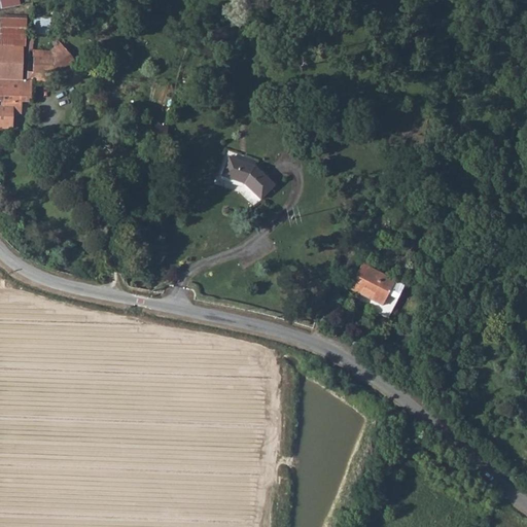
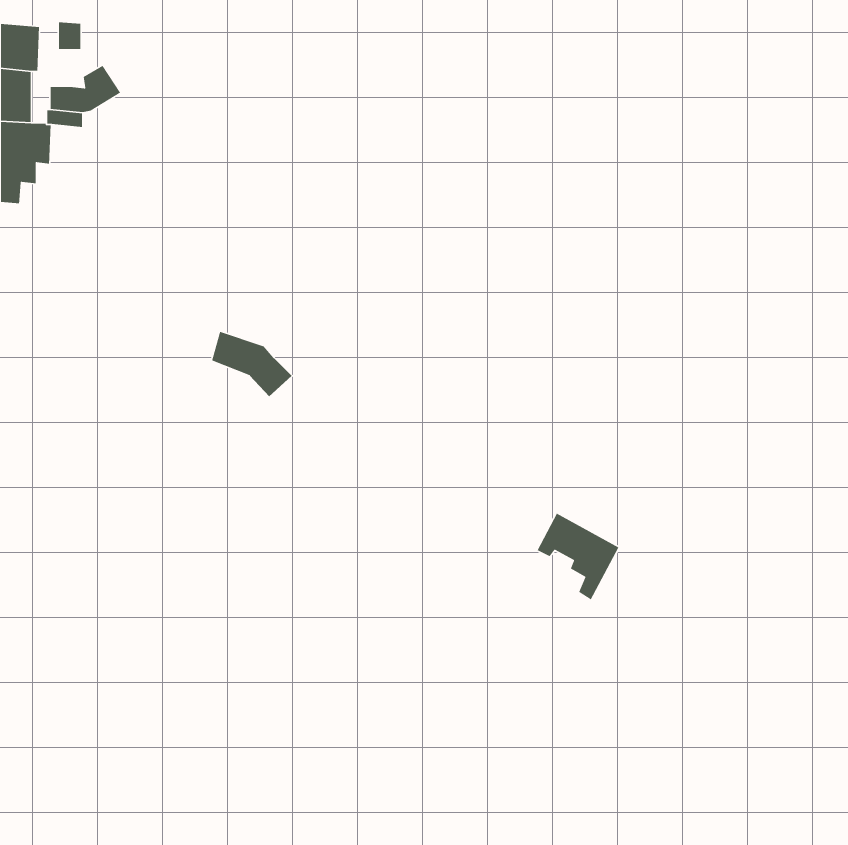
building: [221,154,272,196] -> [211,331,292,397]
building: [350,262,401,317] -> [537,512,620,600]

